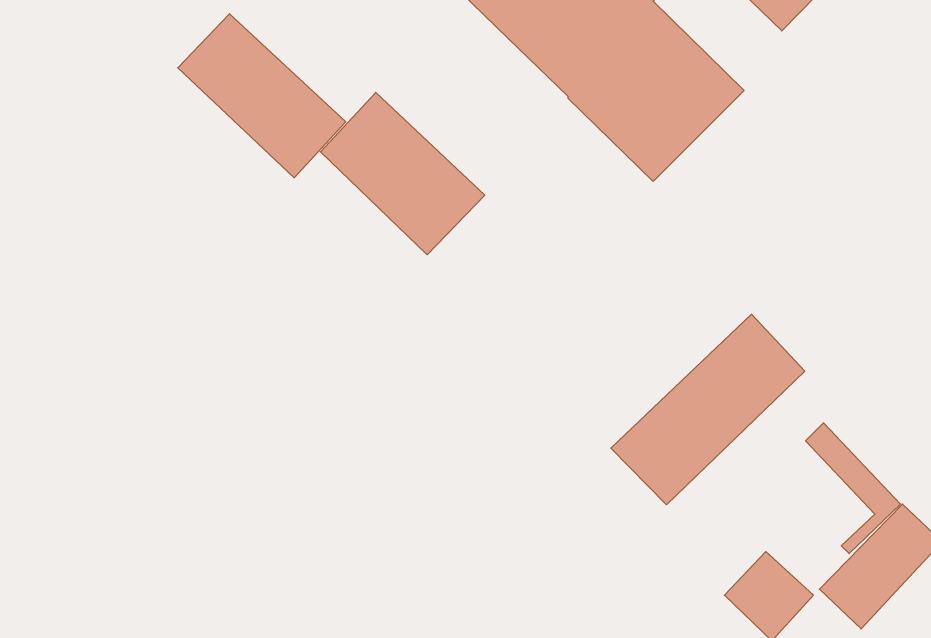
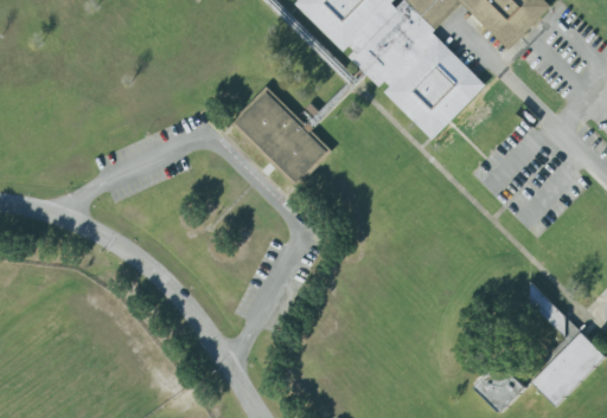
building: [178,14,346,178] -> none
building: [611,314,805,505] -> none

